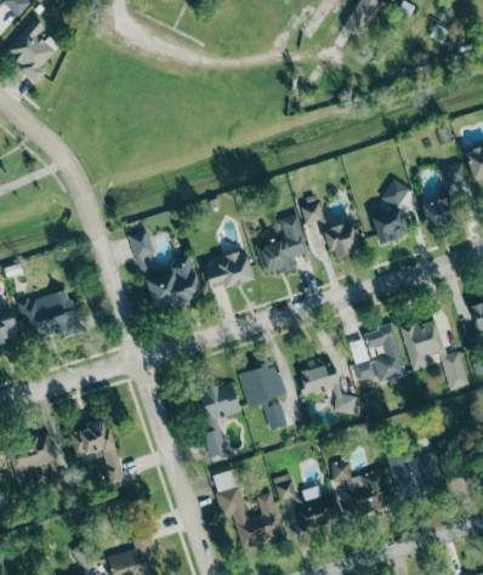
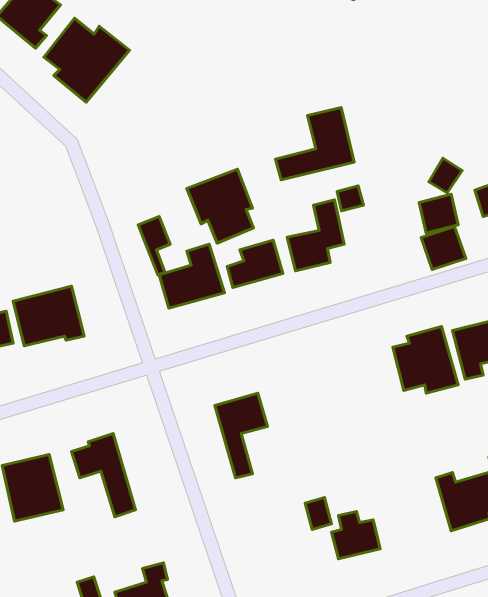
building: none -> [44,18,130,102]
building: none -> [275,108,354,180]
building: none -> [187,169,254,243]
building: [323,221,362,258] -> [421,226,466,270]
building: [299,361,356,414] -> none
building: [239,363,288,429] -> none
building: [330,460,393,513] -> none
building: [212,469,284,548] -> none

